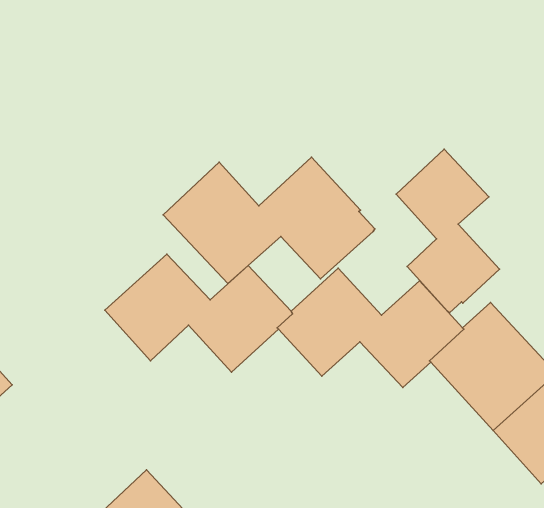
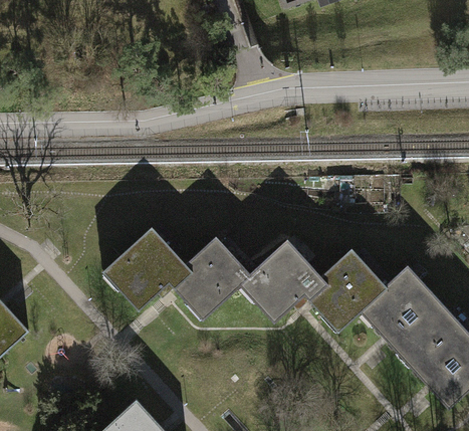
building: [396,149,500,313] -> none
building: [163,157,375,284] -> none

